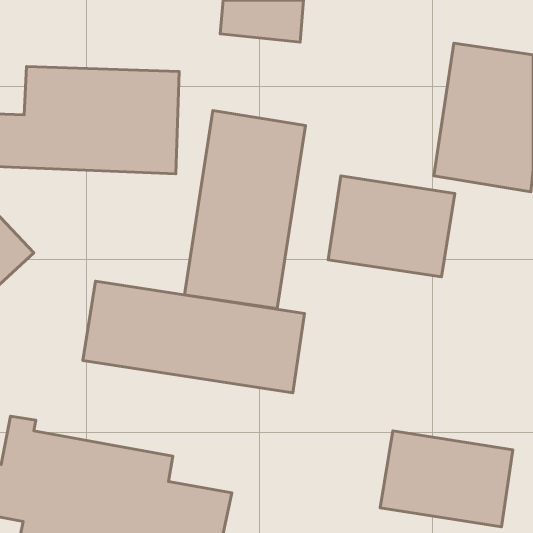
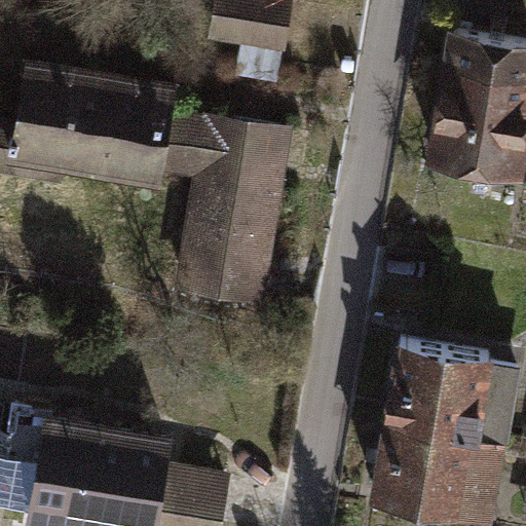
building: [328,176,455,277] -> none
building: [83,281,304,393] -> none
building: none -> [383,348,513,444]

